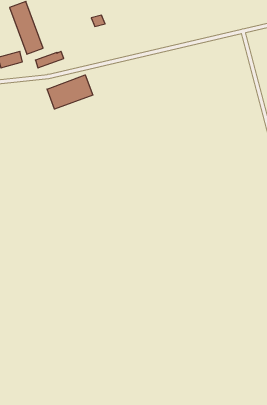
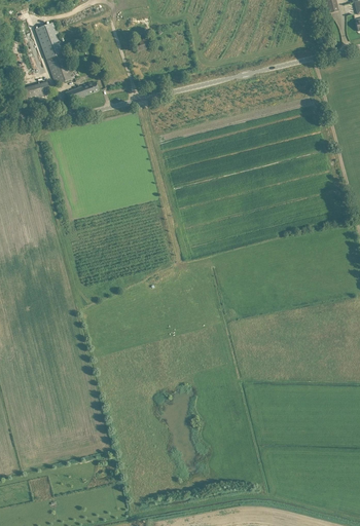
building: [47,75,93,109] -> none

